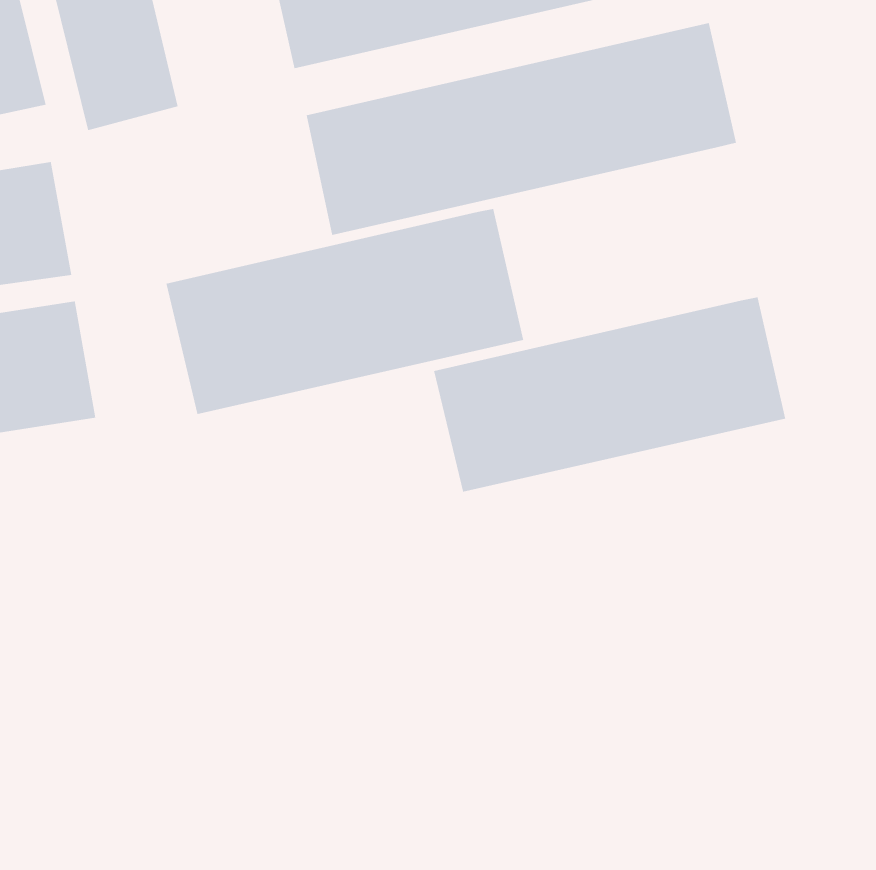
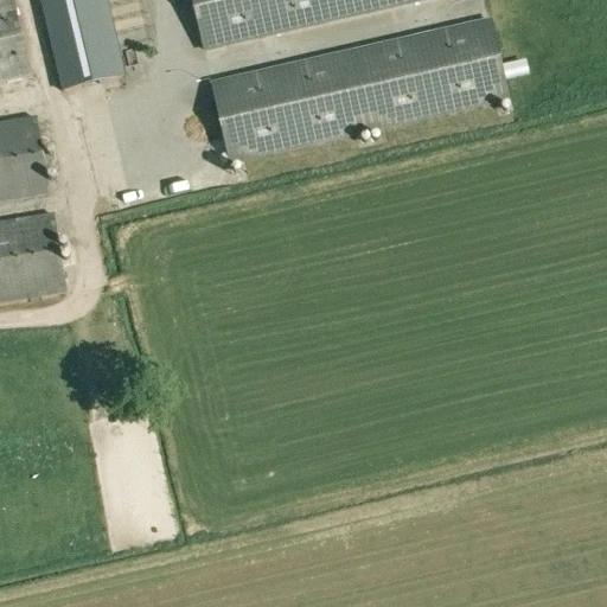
building: [166,208,524,415] -> none
building: [434,296,786,493] -> none

